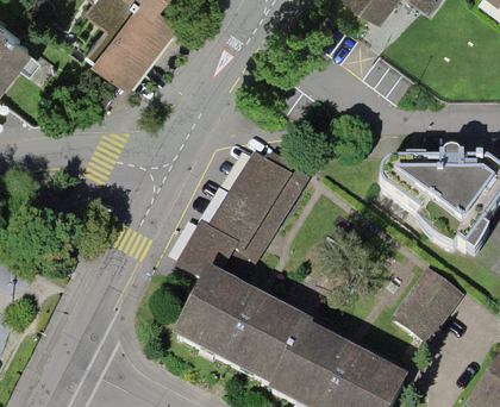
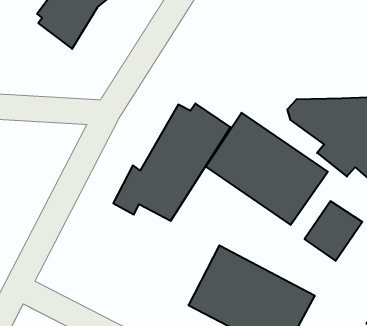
building: none -> [206,113,328,225]
building: [171,264,299,381] -> none

